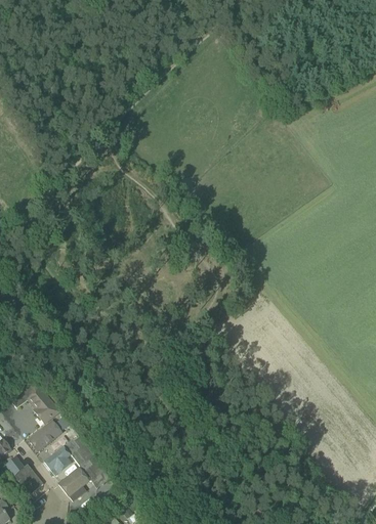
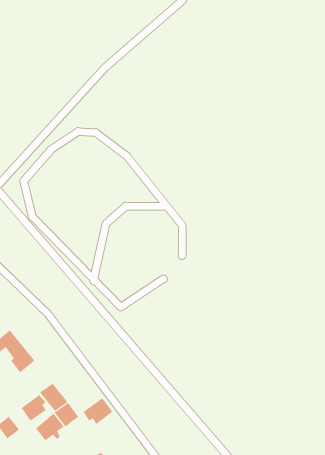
building: [26,414,65,455] -> none
building: none -> [83,397,113,425]

